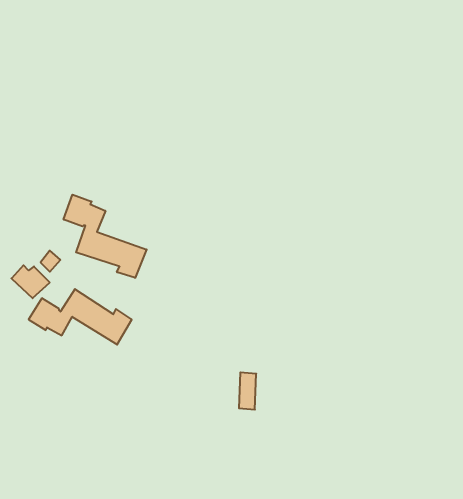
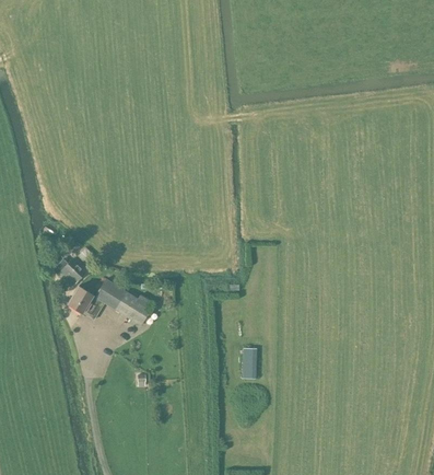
building: [64,195,147,278] -> none

